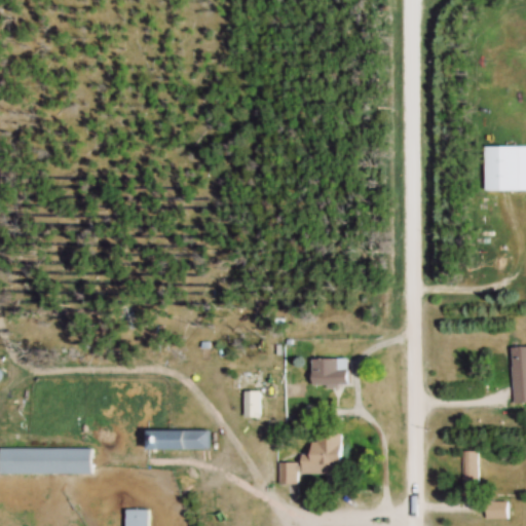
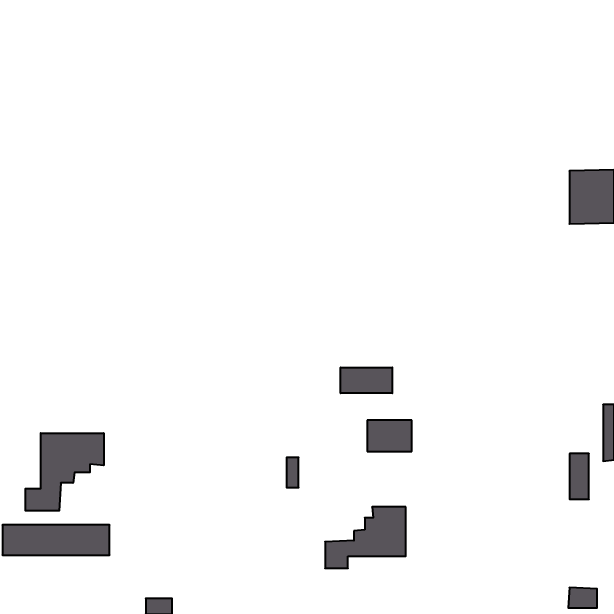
building: none -> [341,367,392,393]
building: none -> [25,433,104,511]
building: [145,430,209,450] -> none
building: [460,451,477,490] -> [570,454,589,499]

